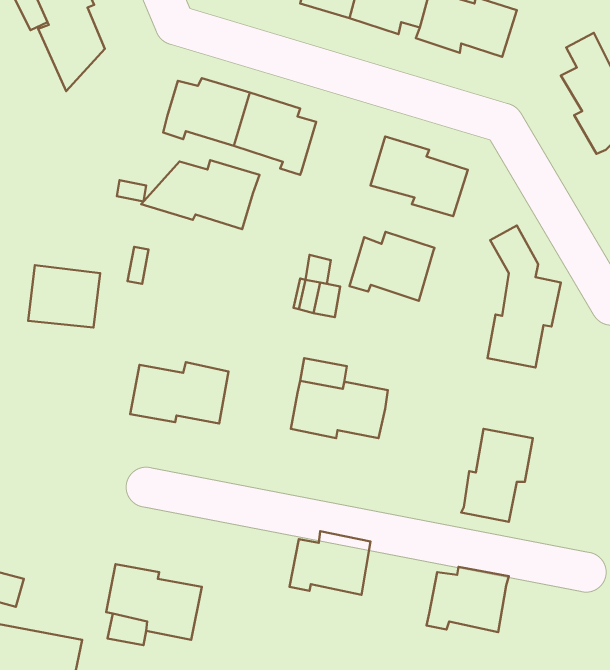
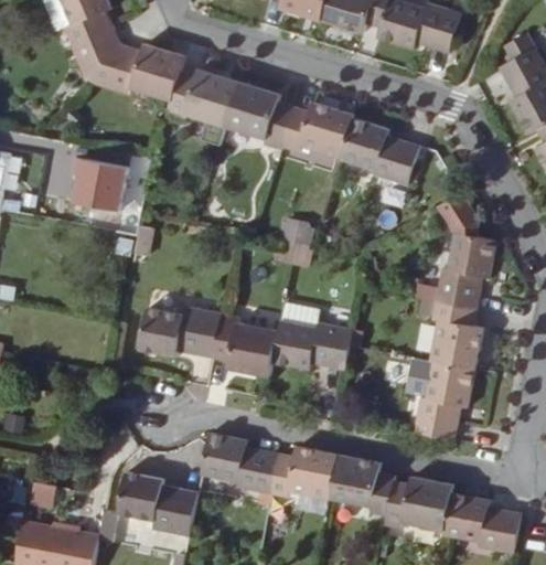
building: [141,160,259,229] -> [87,45,185,103]
building: [350,232,435,301] -> [282,103,353,160]
building: [28,265,100,328] -> [61,159,120,211]
building: none -> [431,303,482,370]
building: none -> [214,315,279,376]
building: none -> [203,433,280,493]
building: none -> [332,456,395,515]
building: none -> [445,492,523,553]

